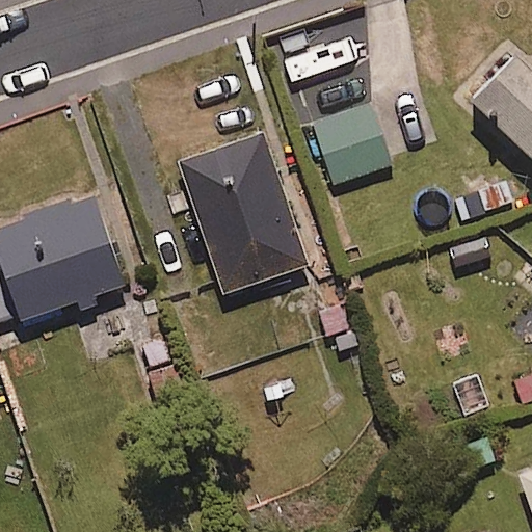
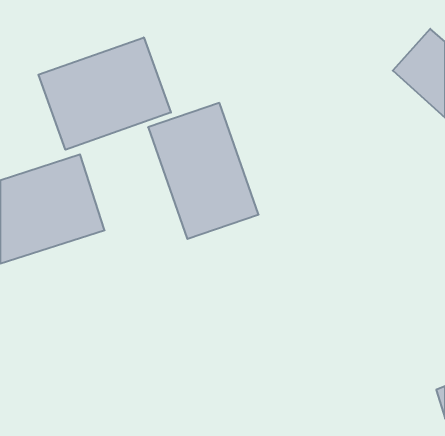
building: none -> [38,37,171,150]
building: [313,108,392,190] -> none

